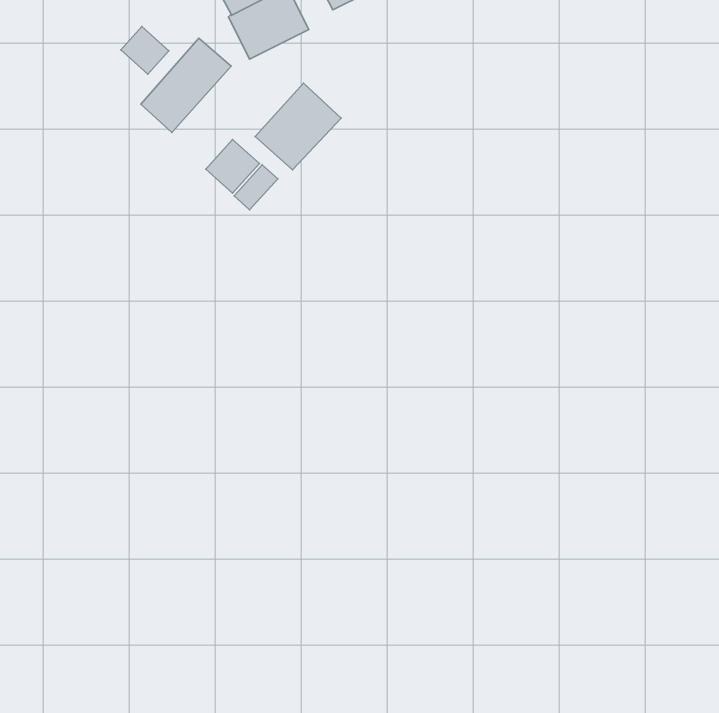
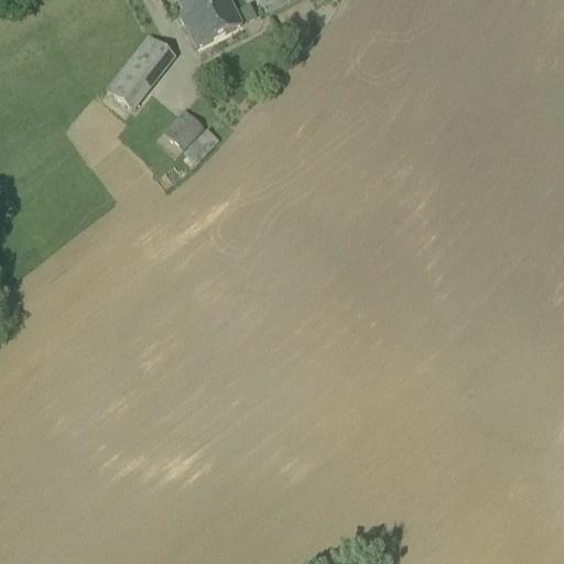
building: [121,26,169,74] -> none
building: [255,83,341,170] -> none

